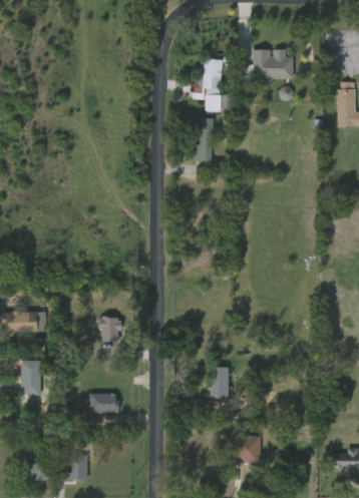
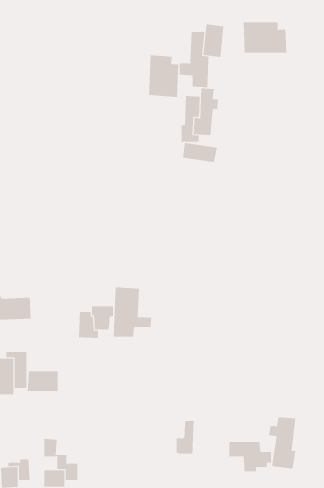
building: none -> [148,54,179,98]
building: none -> [183,142,218,163]
building: none -> [113,286,152,337]
building: [203,364,220,395] -> [176,420,194,454]
building: [85,396,114,415] -> [27,371,58,392]
building: none -> [269,416,296,470]

